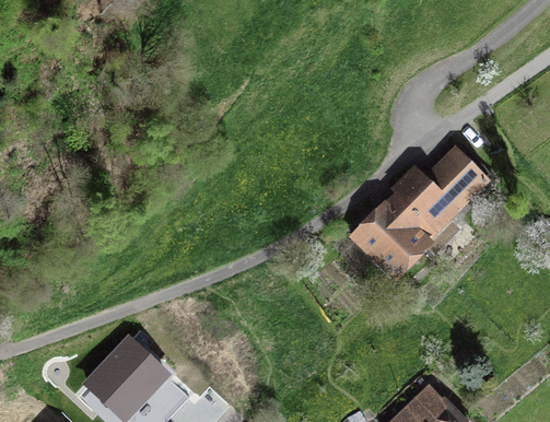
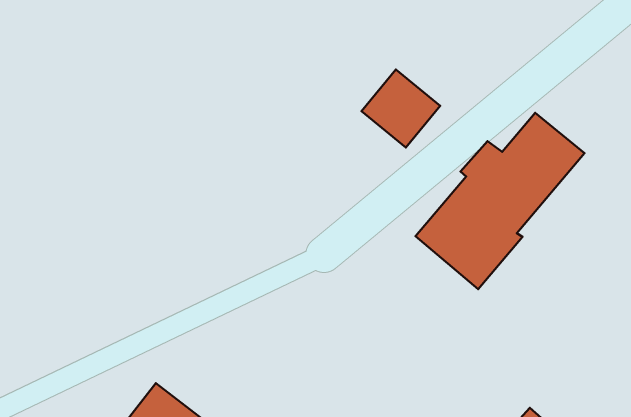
building: none -> [361,70,440,147]

